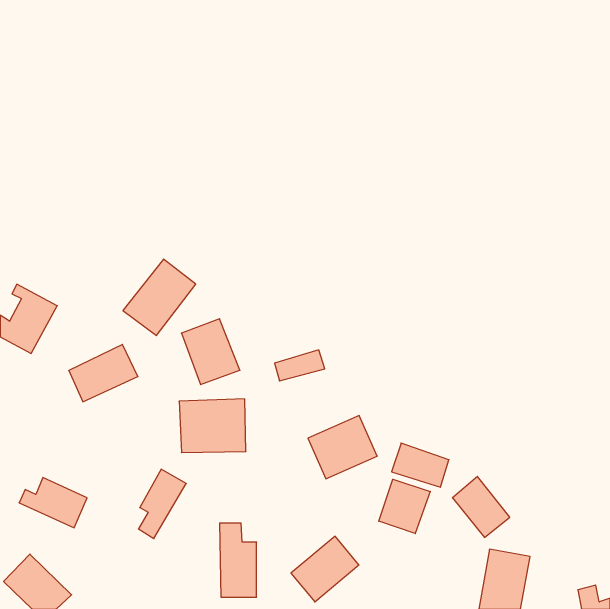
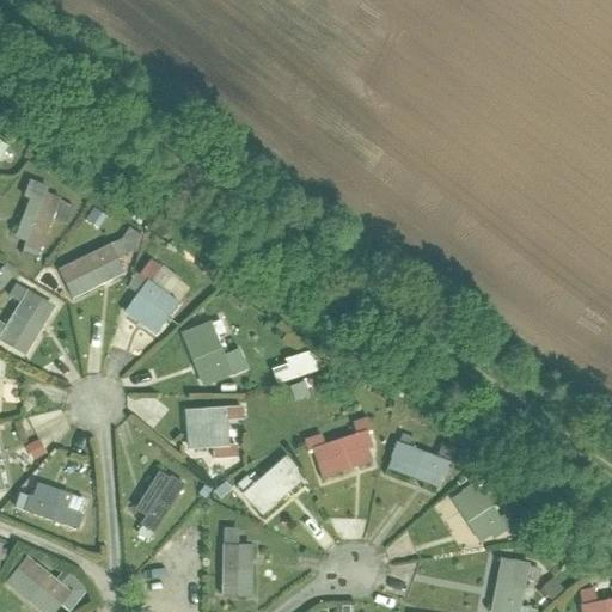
building: none -> [5,178,62,253]
building: [69,344,138,402] -> [60,241,129,299]
building: [379,479,430,534] -> none
building: [291,536,359,602] -> [238,451,306,516]

